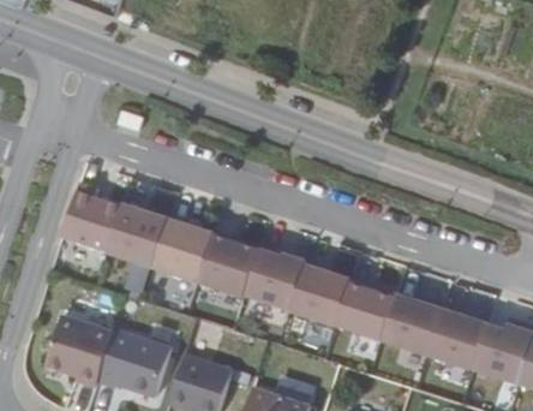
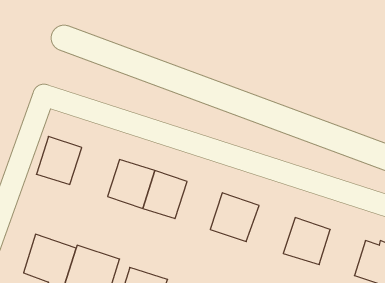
building: [104,202,169,266] -> none
building: [241,246,303,309] -> none
building: [334,278,397,340] -> none
building: [429,309,489,369] -> none

